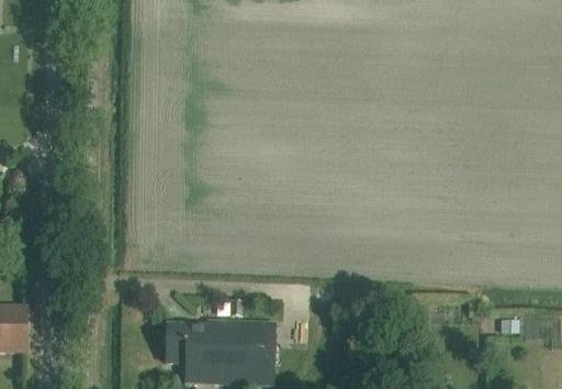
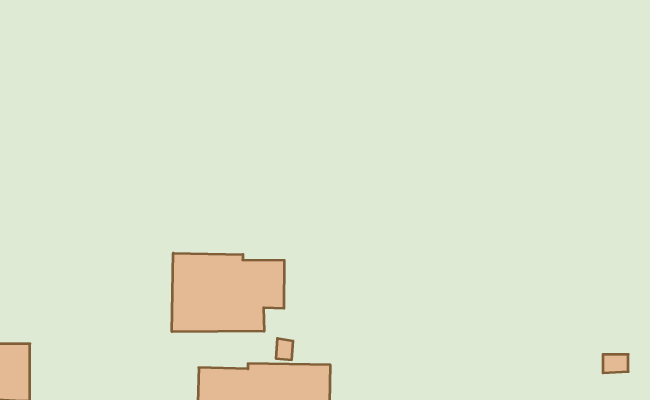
building: none -> [172,253,284,332]

